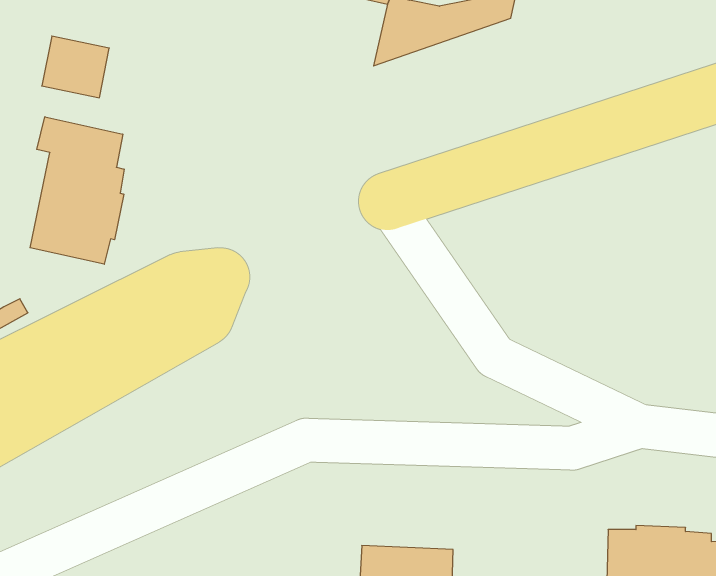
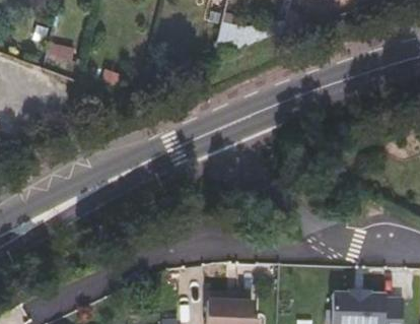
building: [30,117,124,264] -> none

